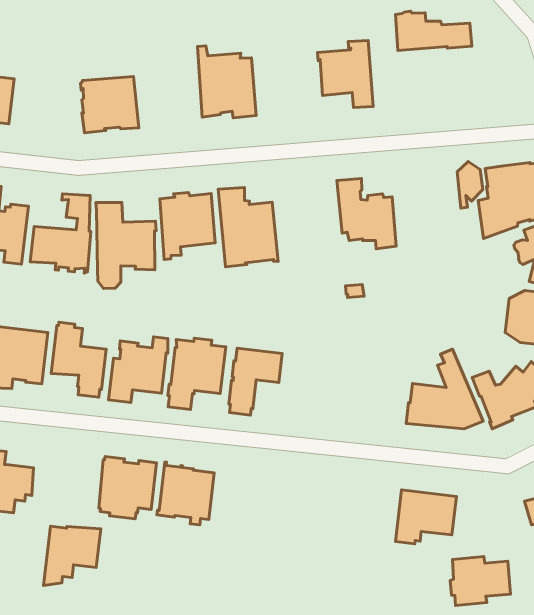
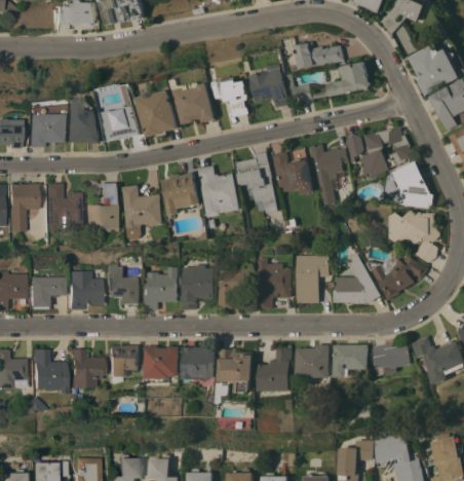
building: none -> [287,62,374,102]
building: none -> [214,77,249,116]
building: none -> [64,100,102,143]
building: none -> [138,89,179,137]
building: none -> [309,144,348,205]
building: none -> [235,151,278,213]
building: none -> [257,258,291,308]
building: none -> [296,255,328,302]
building: none -> [221,347,254,392]
building: none -> [260,347,293,391]
building: none -> [297,344,331,377]
building: [43,526,101,586] -> [108,344,140,384]
building: [450,557,511,605] -> [374,342,413,375]

